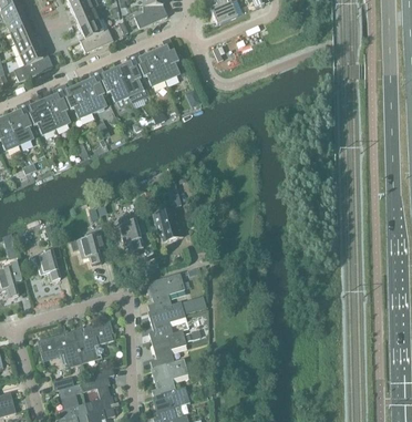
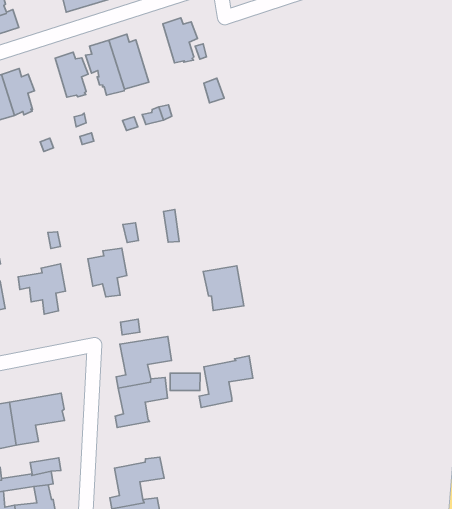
building: [137,52,167,91] -> none
building: [64,84,91,116] -> none
building: [152,207,183,240] -> [203,266,244,311]
building: [150,328,186,368] -> [199,356,253,407]

